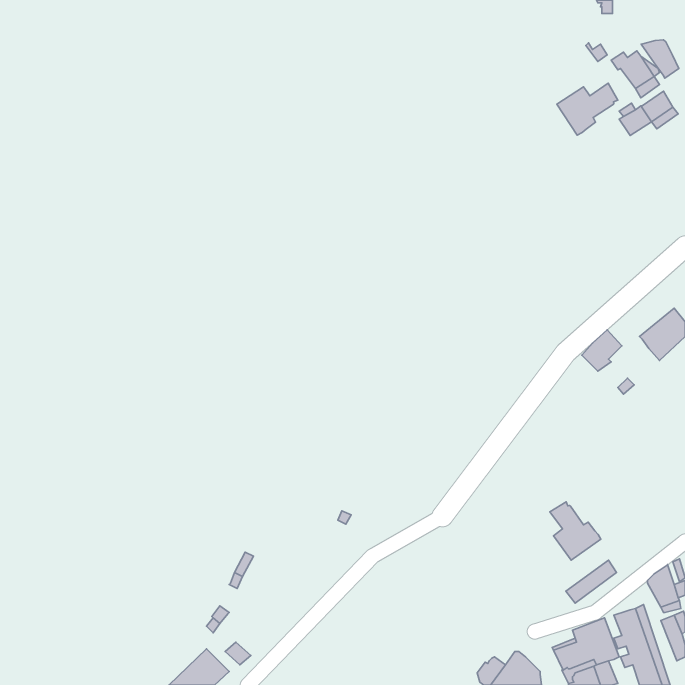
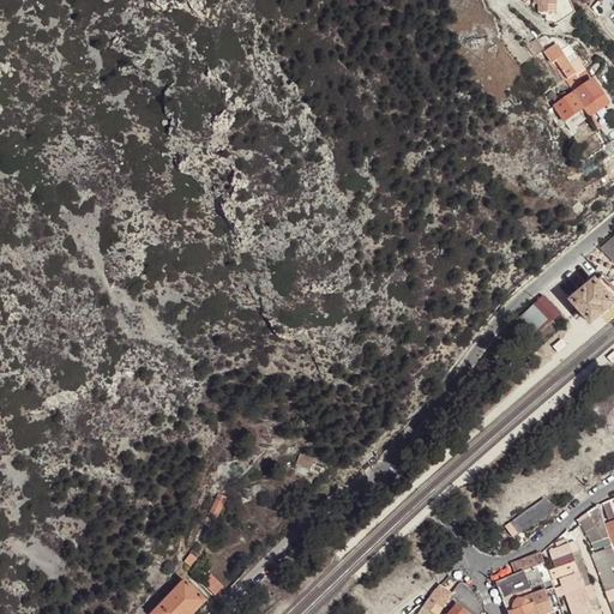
building: [641,40,679,78] -> none
building: [557,83,618,135] -> none
building: [550,502,601,560] -> none

